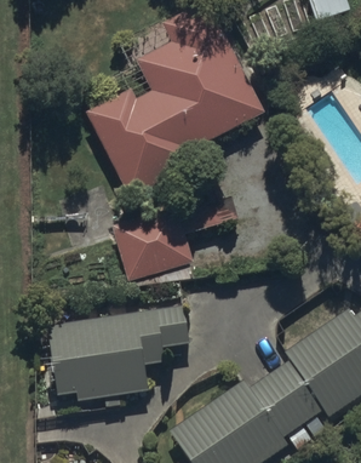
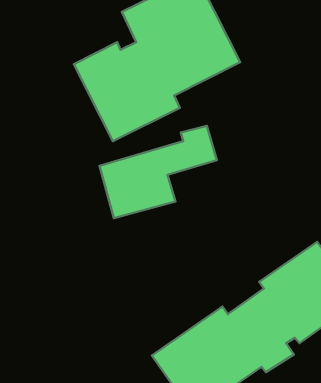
building: [47,305,189,407] -> none

